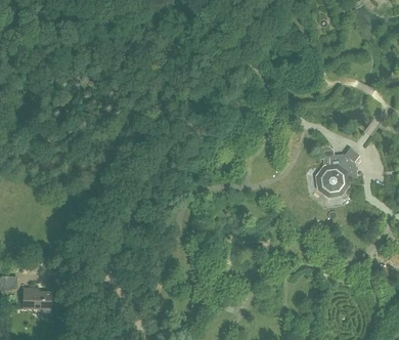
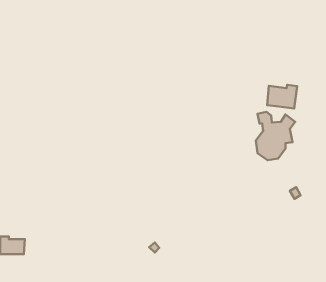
building: none -> [267,85,297,109]

